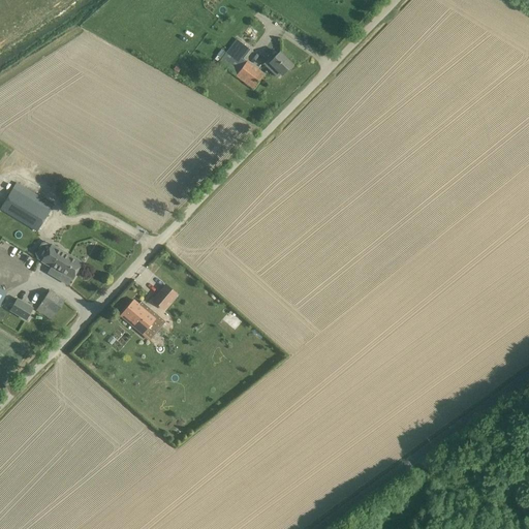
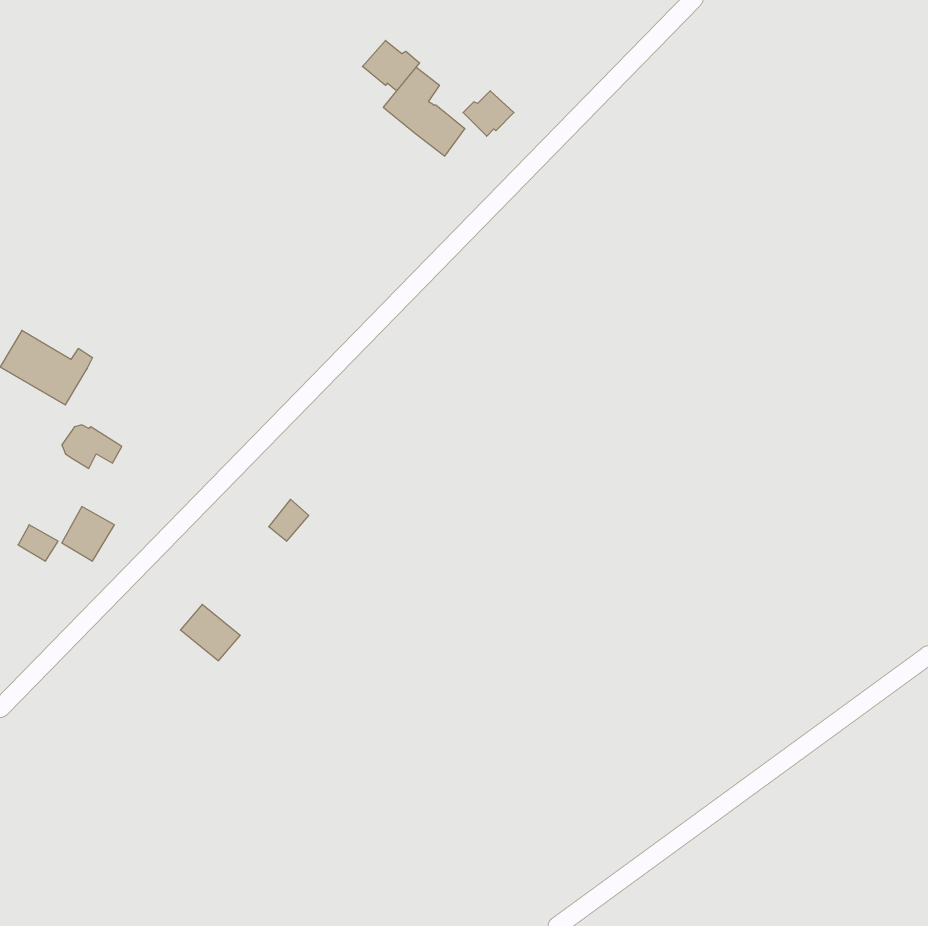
building: none -> [362,40,420,91]
building: [51,254,83,280] -> none
building: [121,300,155,332] -> [180,604,240,661]

